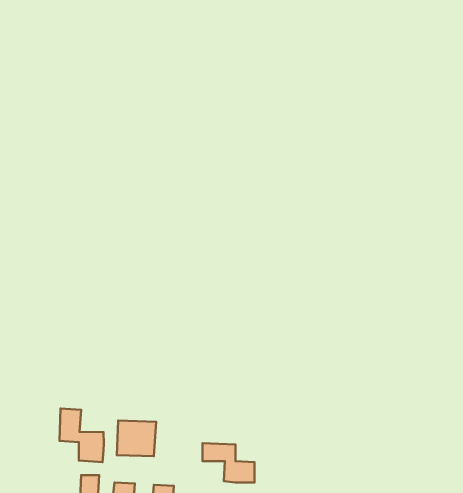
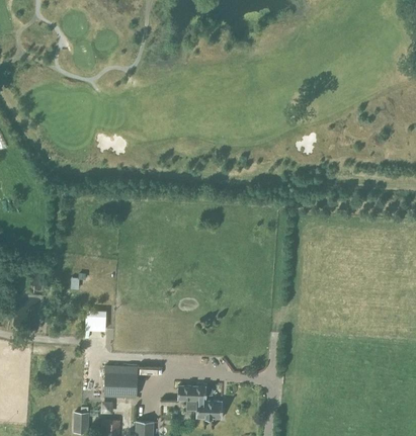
building: [59,408,104,462] -> none

